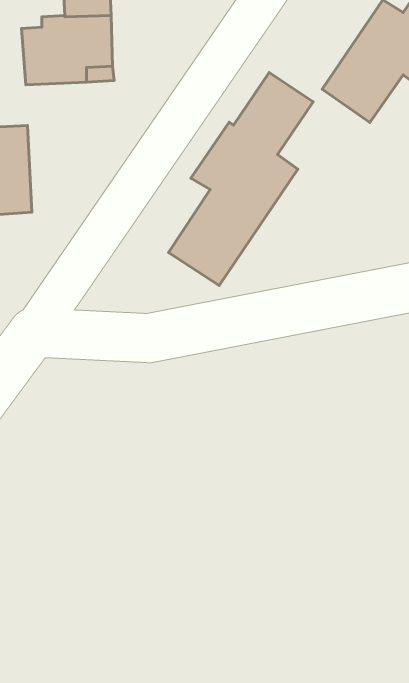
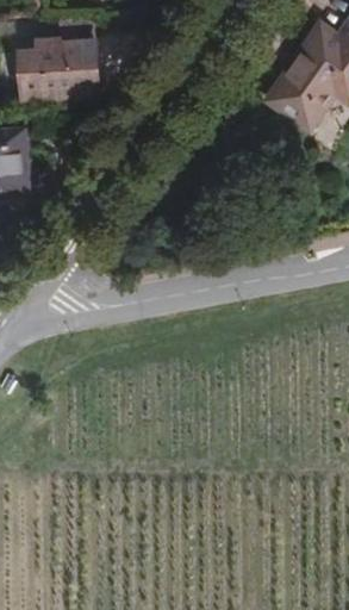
building: [169,73,313,286] -> none

